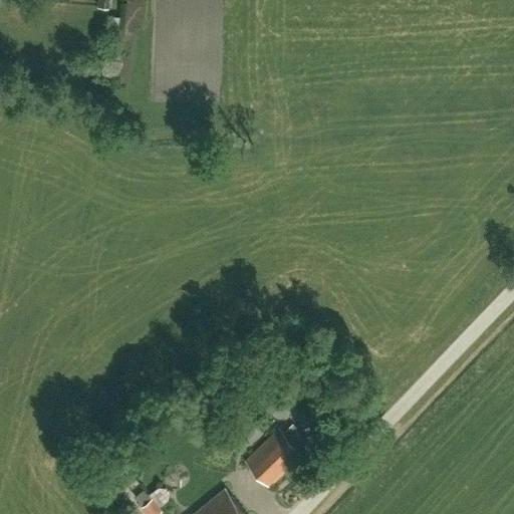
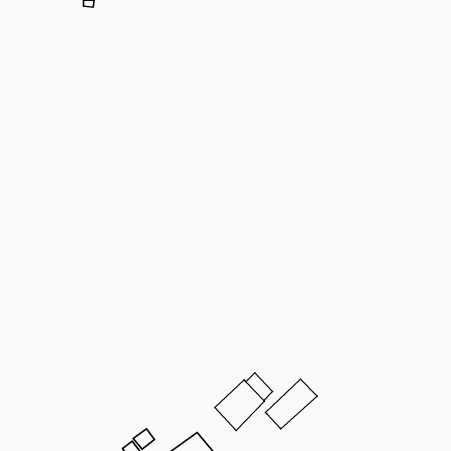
building: none -> [266,379,317,429]

